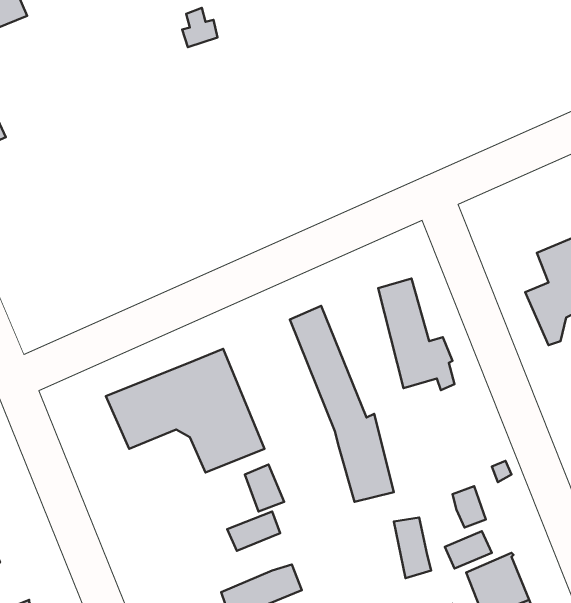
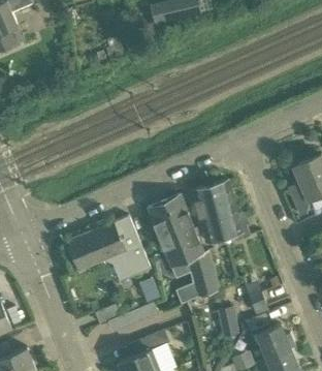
building: none -> [192,185,226,246]
building: none -> [148,202,188,267]

